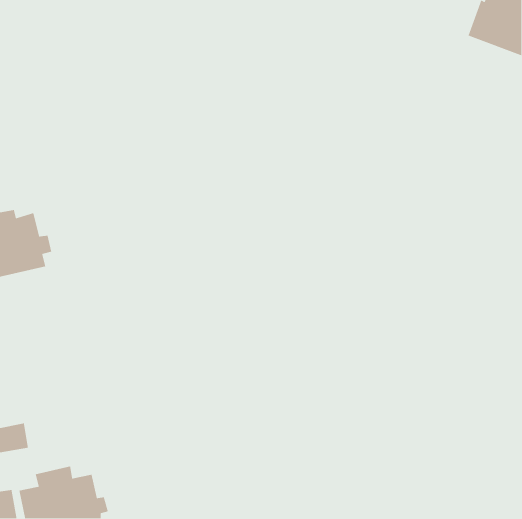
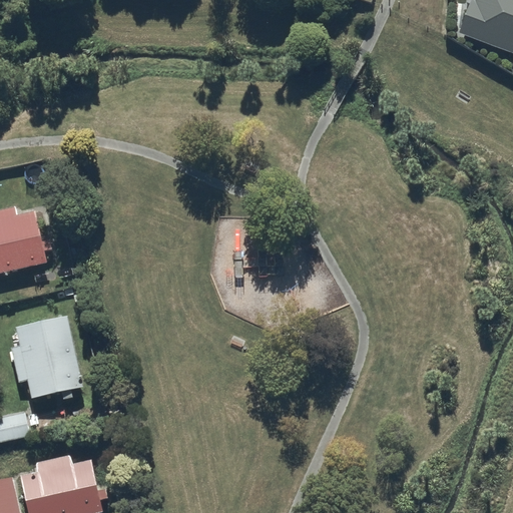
building: none -> [9,315,86,403]

